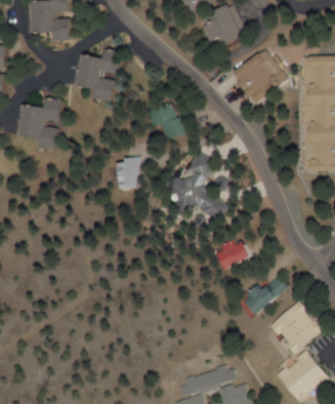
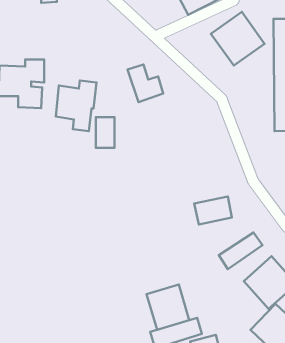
building: [82,49,124,102] -> [56,81,97,131]
building: [179,152,234,221] -> none
building: none -> [147,285,189,330]

